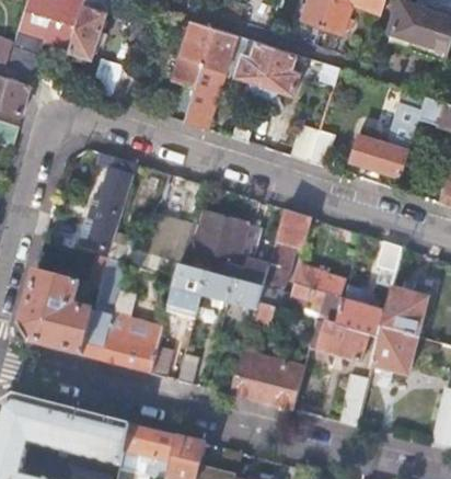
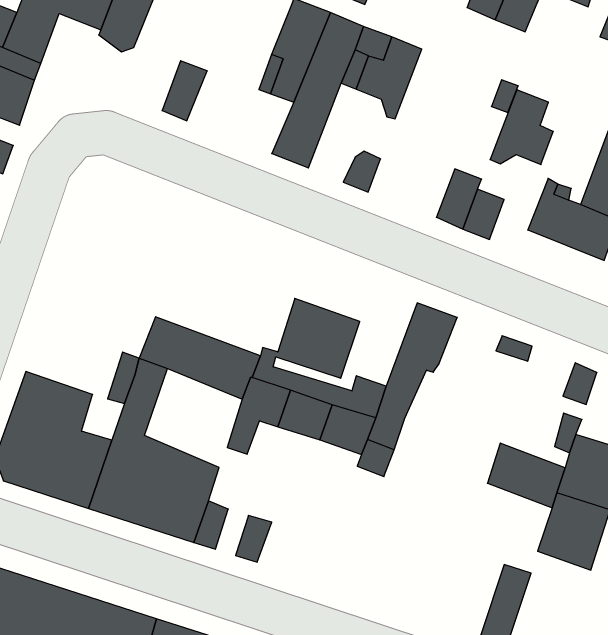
building: [262,47,301,95] -> [490,90,553,165]
building: [84,158,136,252] -> none
building: [289,266,344,316] -> none
building: [308,320,379,365] -> none
building: [230,351,303,409] -> none

